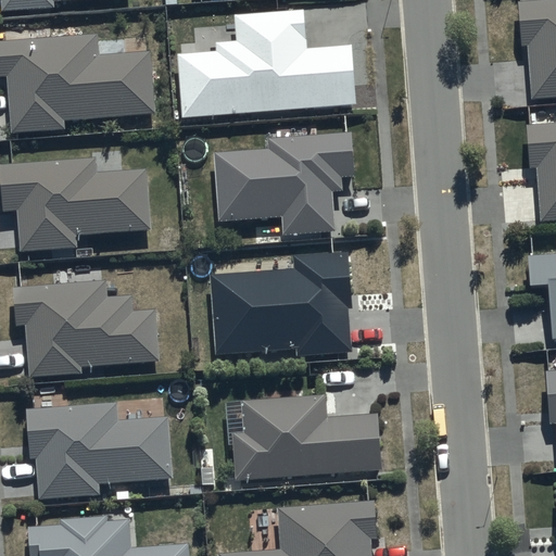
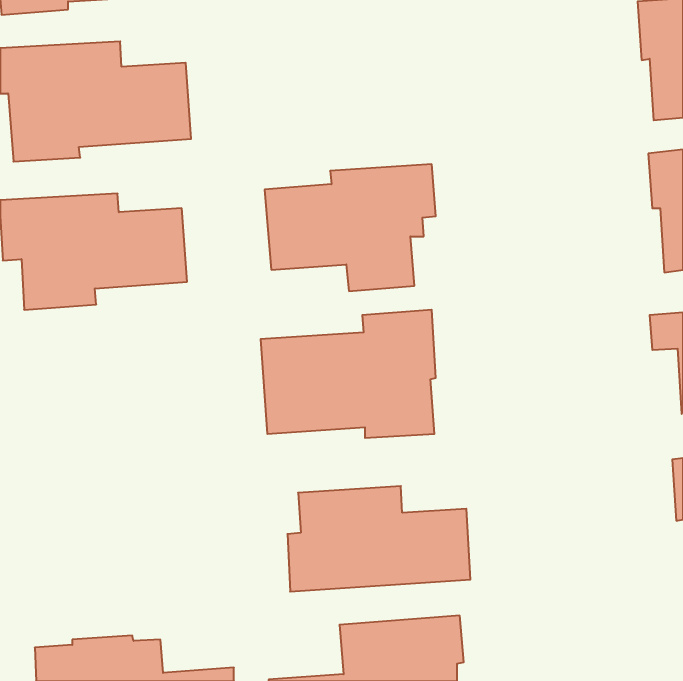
building: [176,8,356,118] -> none
building: [14,282,160,379] -> none
building: [26,403,173,500] -> none

